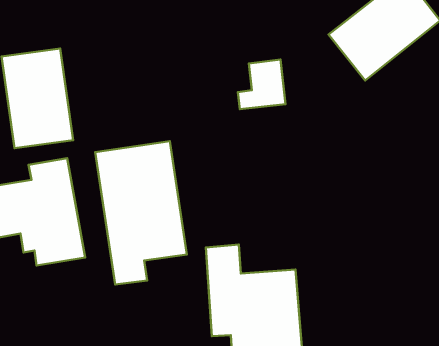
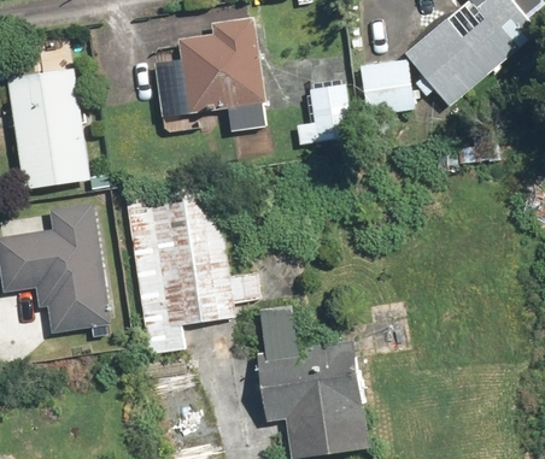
building: none -> [156,19,265,118]
building: none -> [358,59,408,112]

